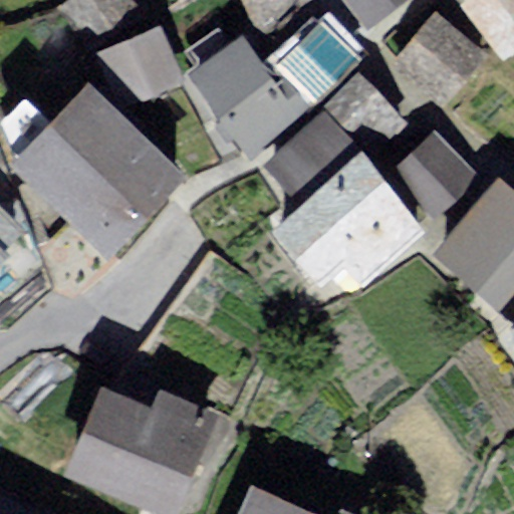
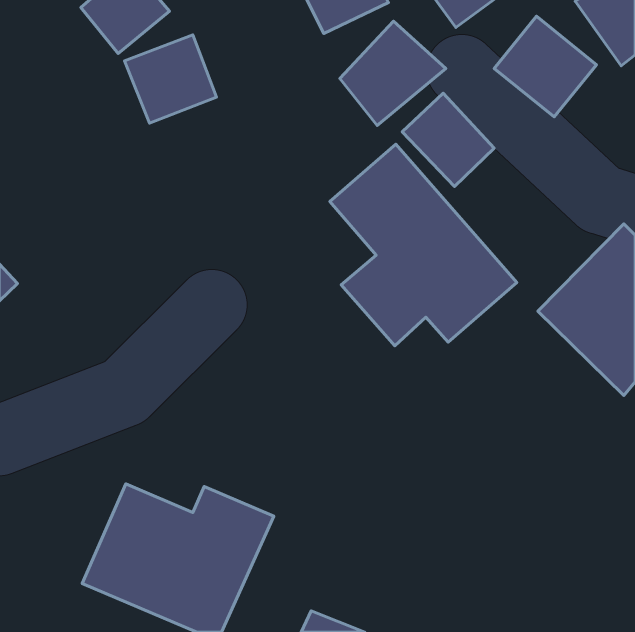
building: [193,37,304,145] -> none
building: [15,87,179,250] -> none
building: [393,131,472,210] -> none

